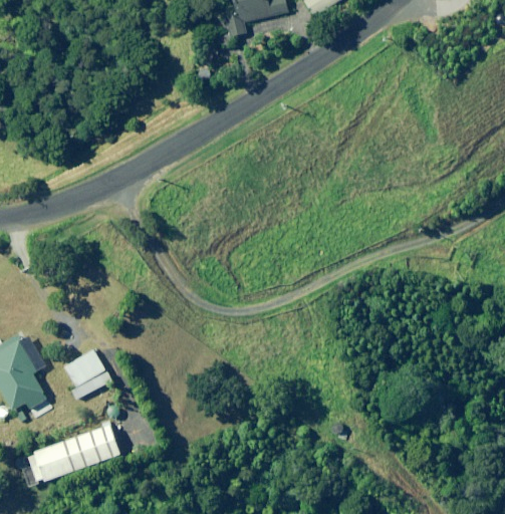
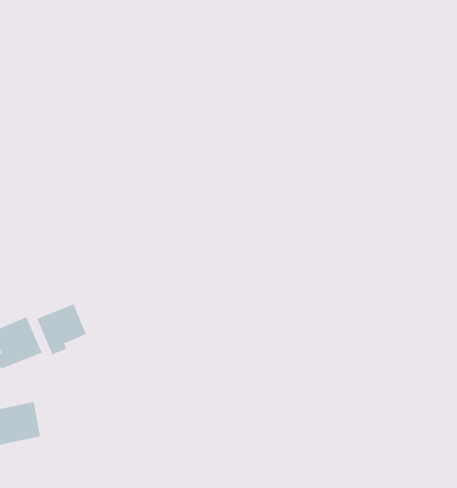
building: none -> [37,304,86,355]

